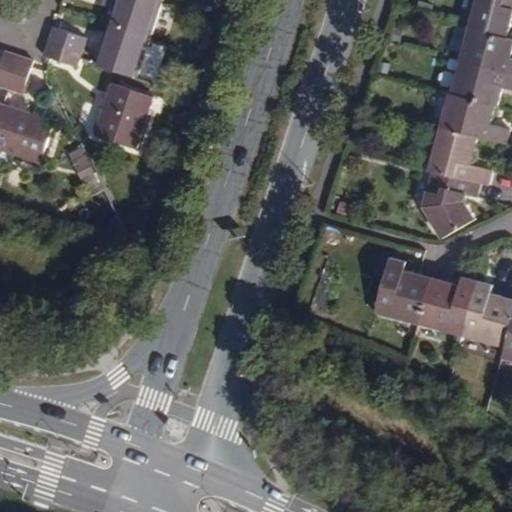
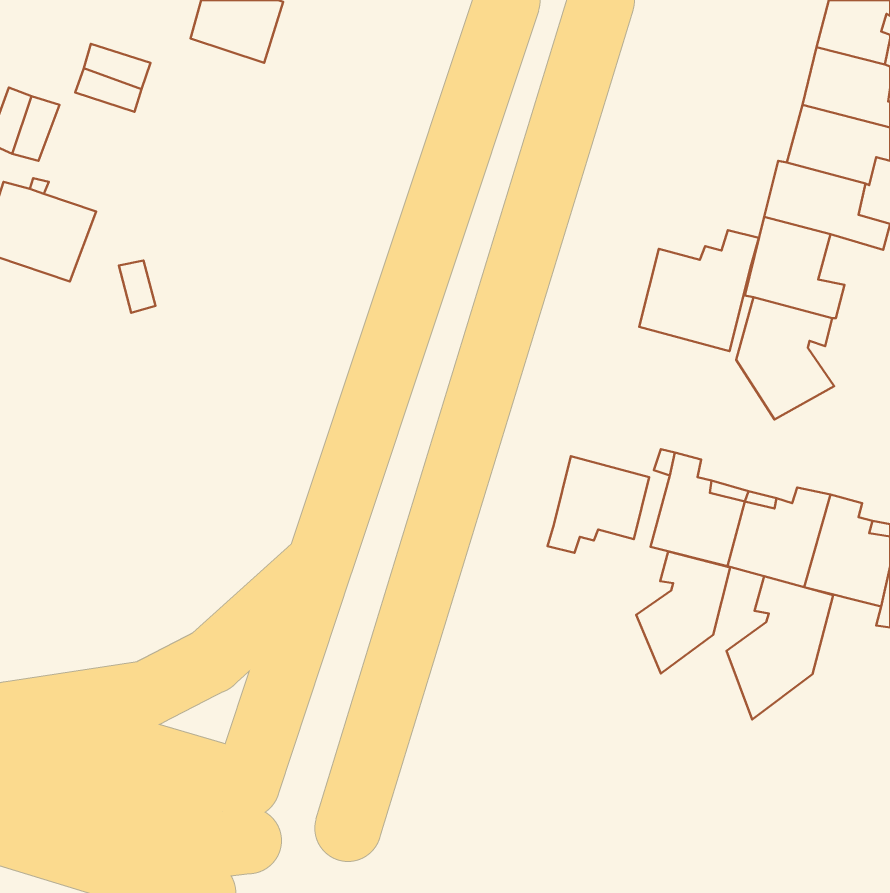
building: [95,22,151,76] -> none
building: [95,85,152,148] -> none
building: none -> [639,230,759,351]
building: none -> [547,456,649,553]
building: none -> [636,551,730,673]
building: none -> [726,576,833,719]

